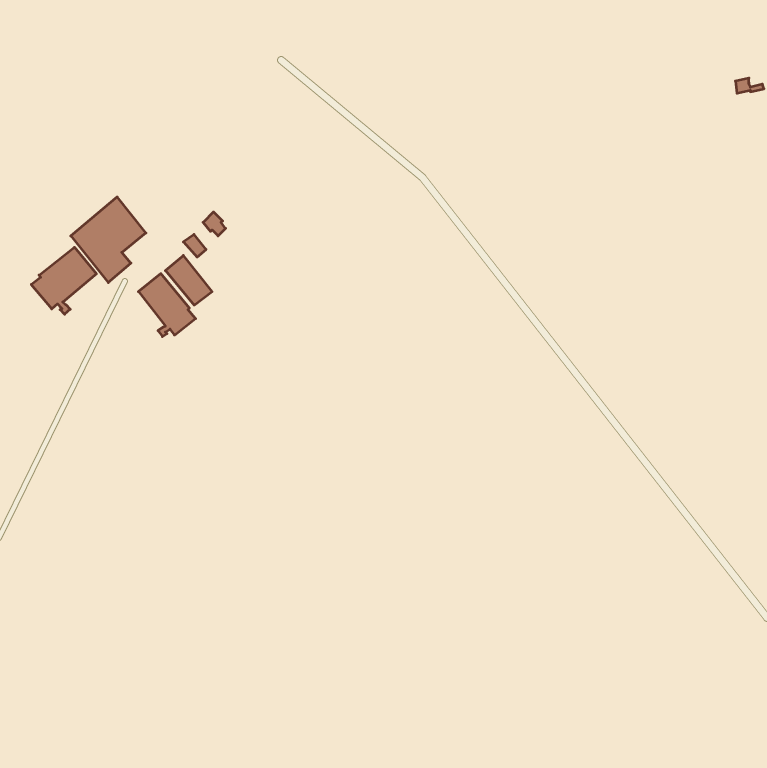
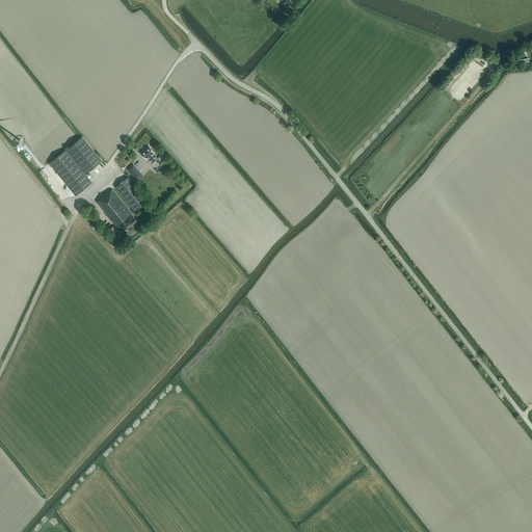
building: [31,247,96,314] -> none

